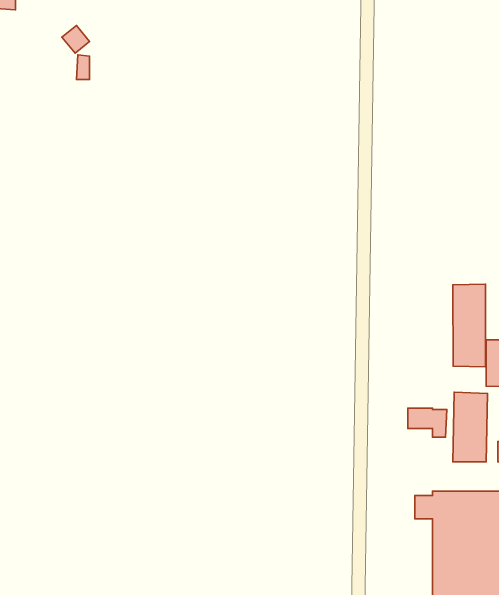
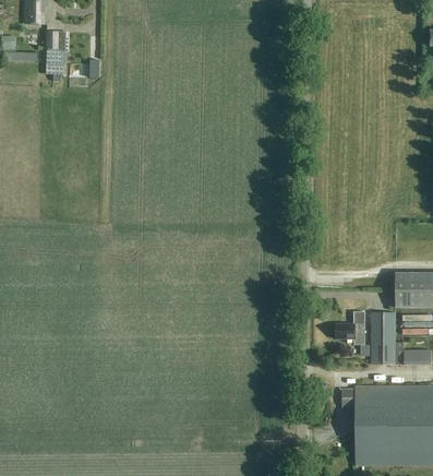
building: none -> [46,31,64,63]
building: [453,284,485,367] -> none

